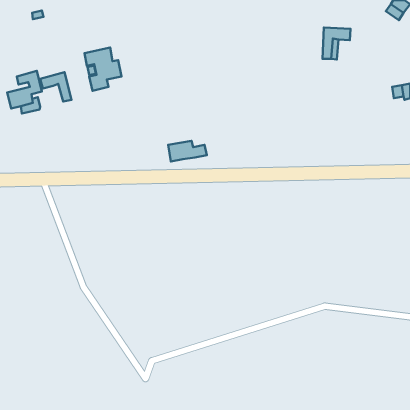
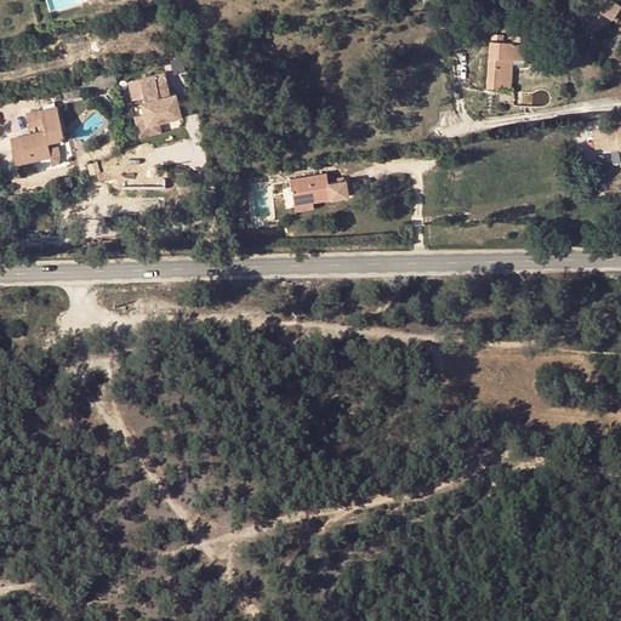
building: [40,72,71,101] -> none
building: [168,141,207,162] -> [290,175,348,206]

